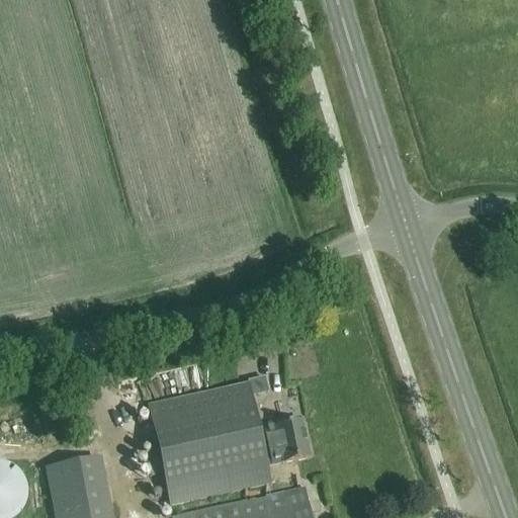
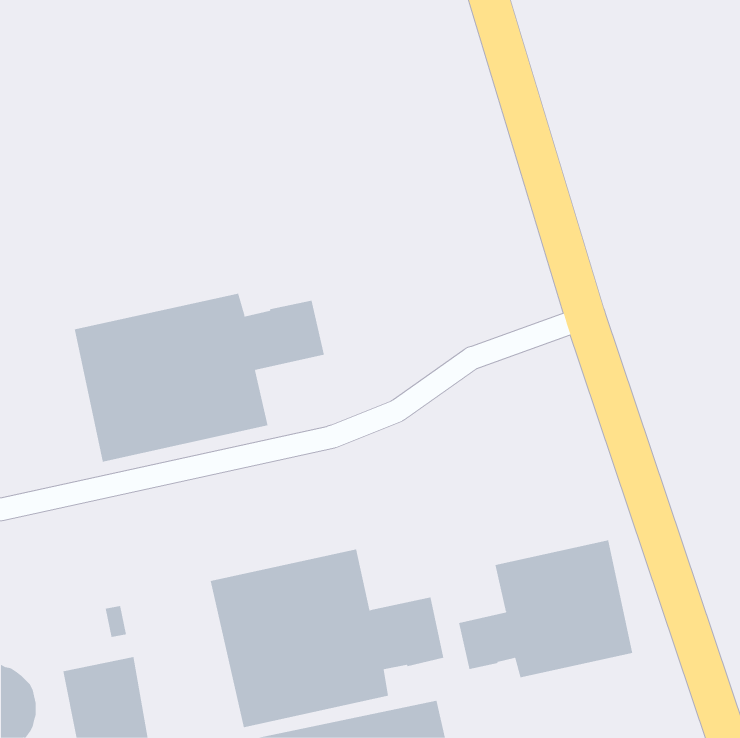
building: none -> [74,293,324,463]
building: none -> [459,539,633,678]

